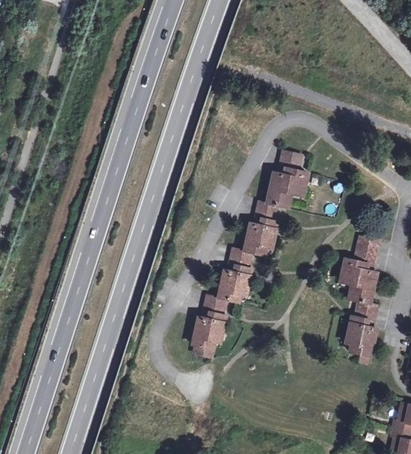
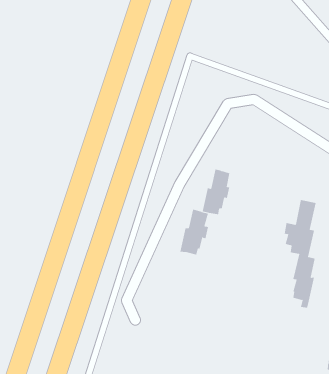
building: [267,151,306,208] -> none
building: [192,295,226,357] -> none

